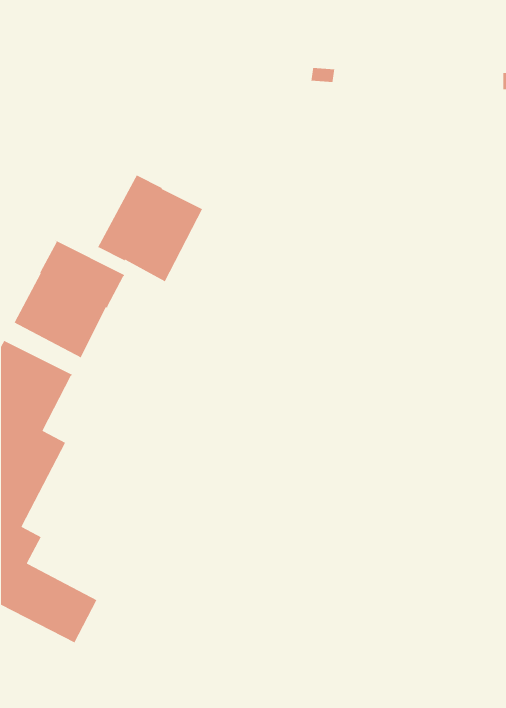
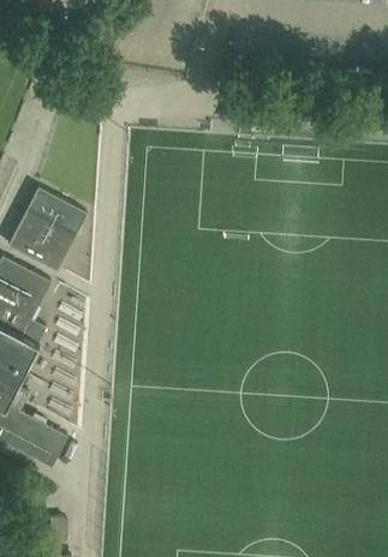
building: [97,173,204,283] -> none

